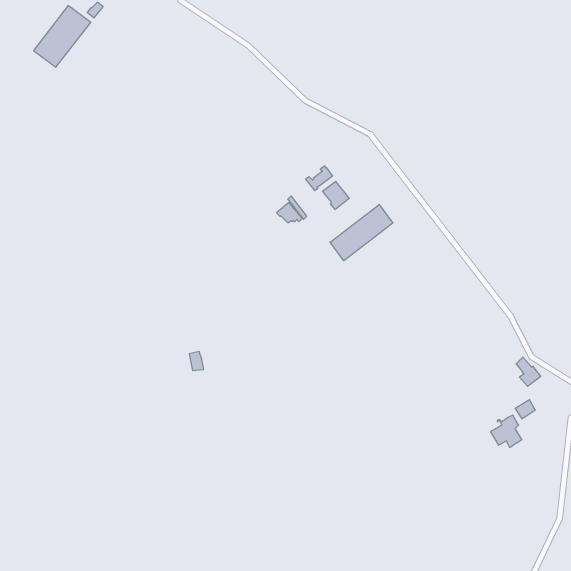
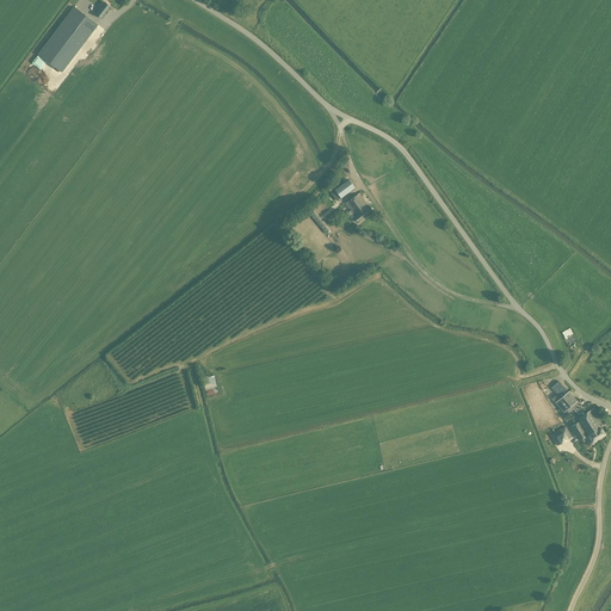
building: [330,204,393,261] -> none
building: [491,415,522,447] -> [570,409,604,444]

